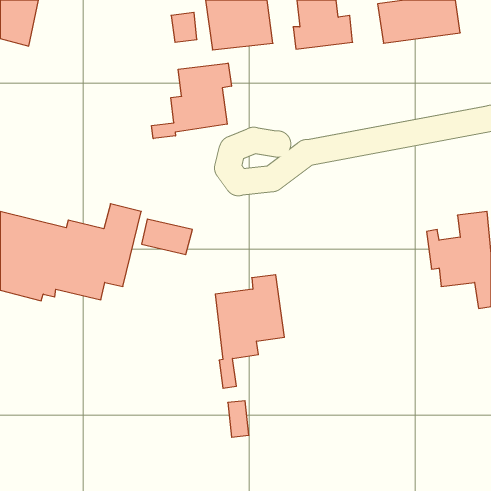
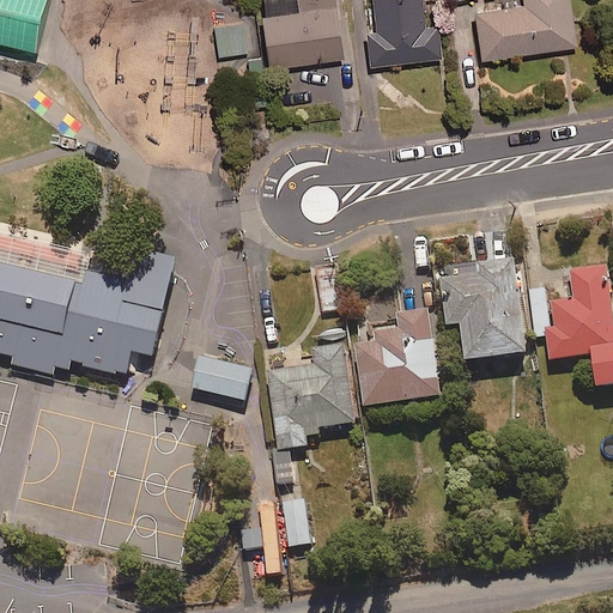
building: [152,63,231,139] -> none
building: none -> [441,256,526,357]
building: [142,219,192,255] -> [192,359,255,403]
building: none -> [356,308,441,403]

